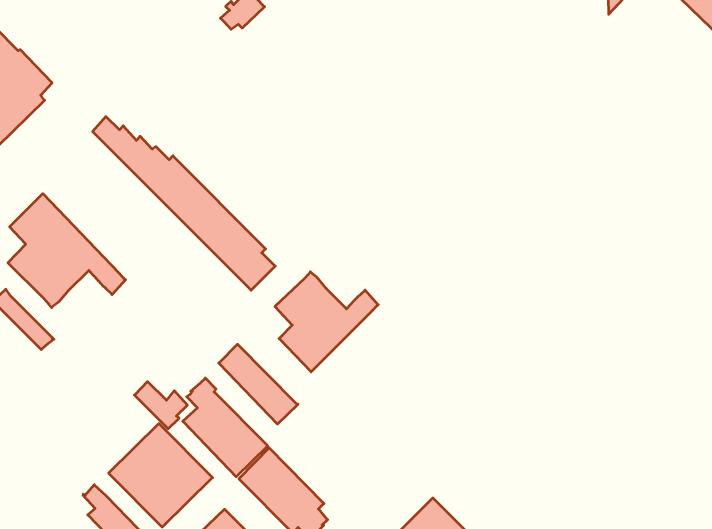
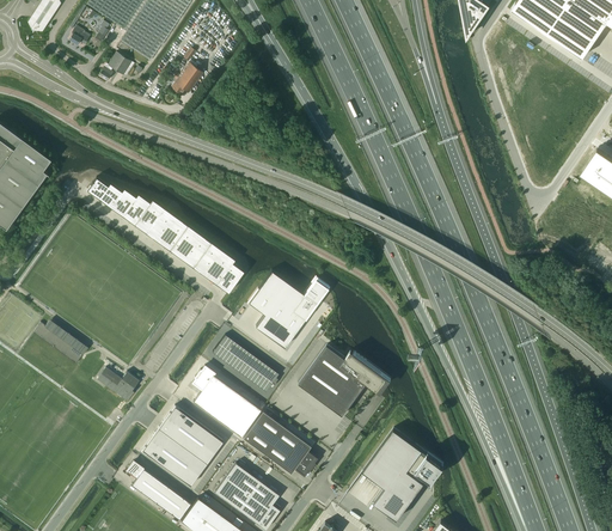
building: [8,194,126,308] -> none
building: none -> [299,346,390,416]
building: [134,382,187,429] -> [97,368,139,402]

